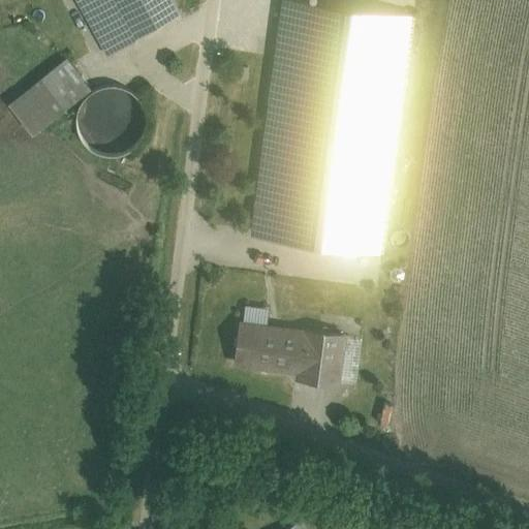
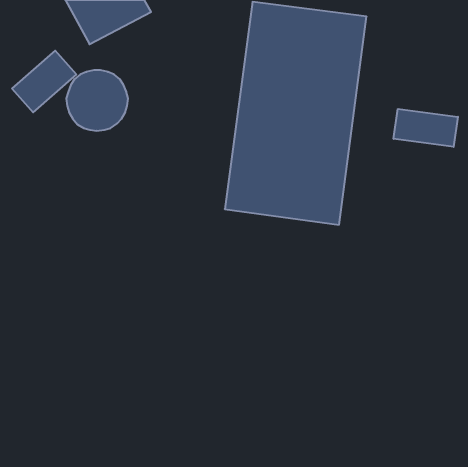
building: none -> [394,109,458,147]
building: [237,316,348,384] -> none

